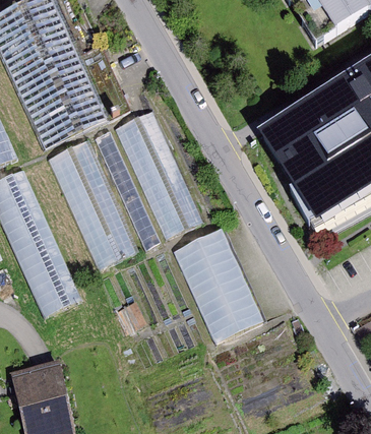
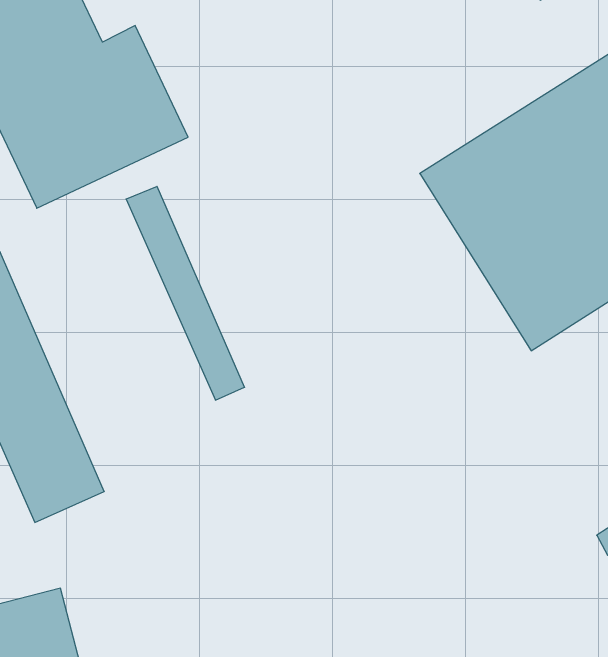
building: [117,113,200,238] -> none
building: [49,142,135,270] -> none
building: [174,231,263,347] -> none

